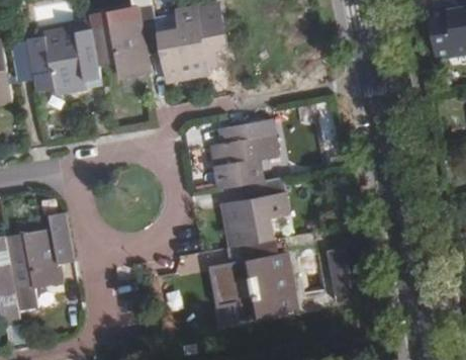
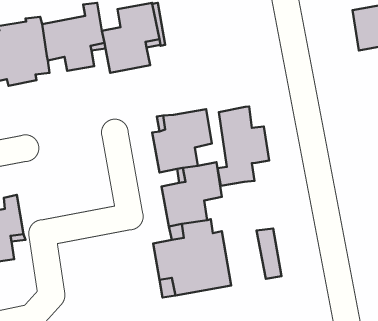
building: none -> [217,106,269,186]

